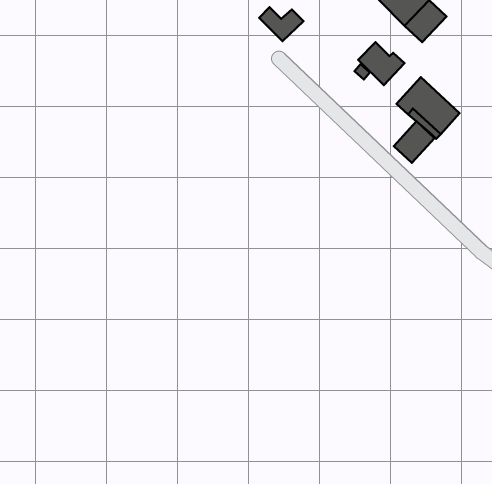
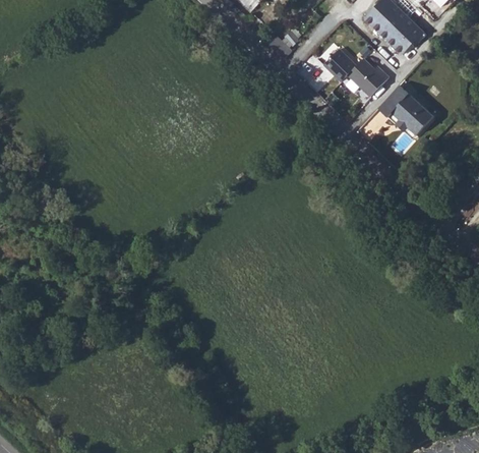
building: none -> [322,45,355,78]
building: [394,121,434,163] -> none

